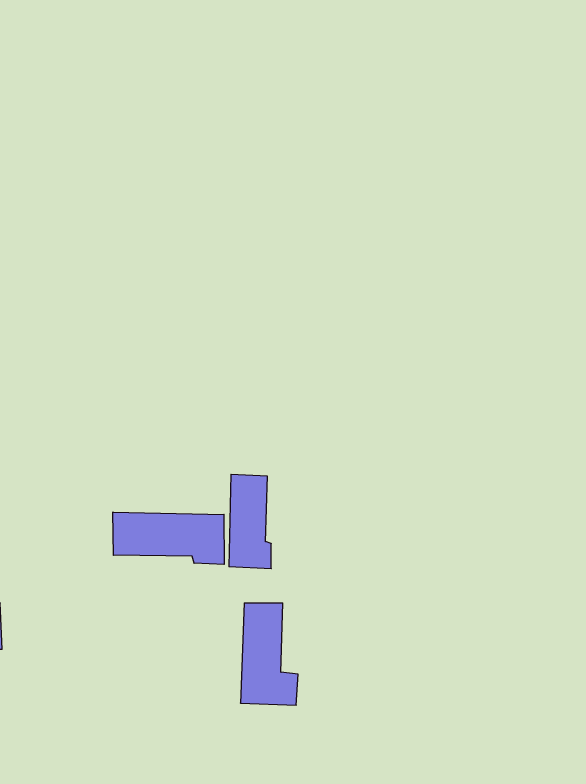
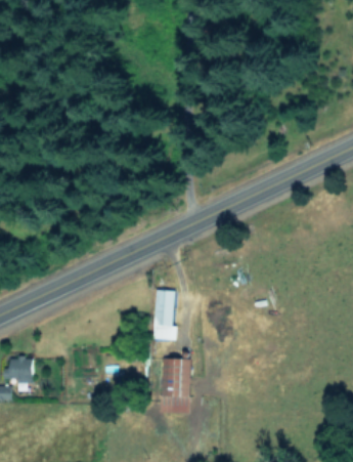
building: [113,512,224,564] -> none

